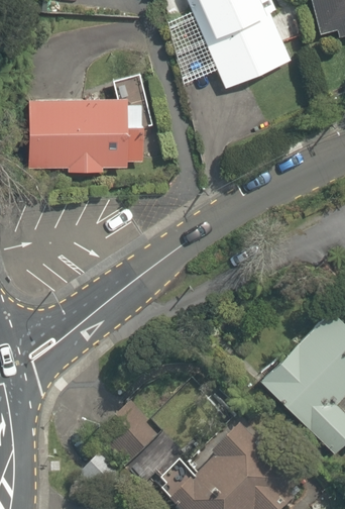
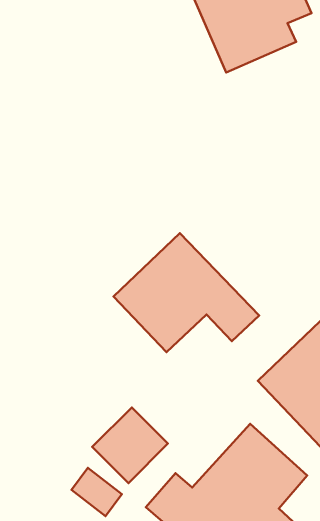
building: [28,70,157,173] -> none
building: none -> [114,233,259,352]

